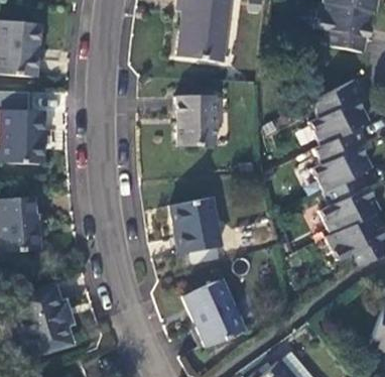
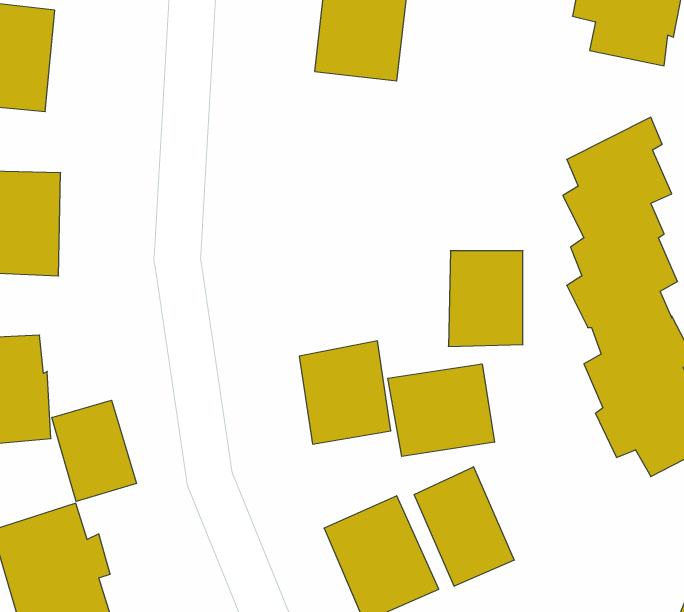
building: [177,96,217,146] -> [448,251,523,346]
building: none -> [388,364,494,456]
building: none -> [52,400,137,501]
building: none -> [414,467,514,586]

